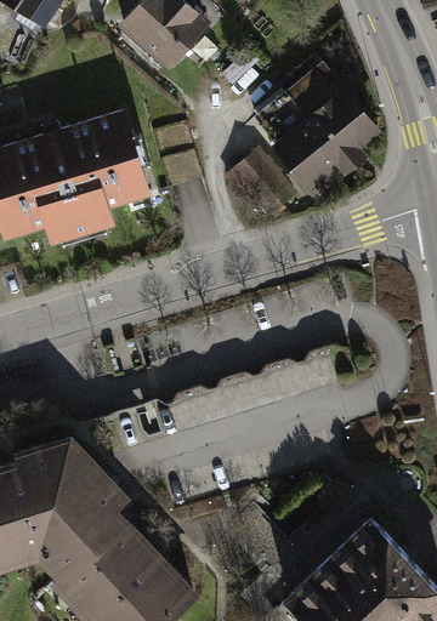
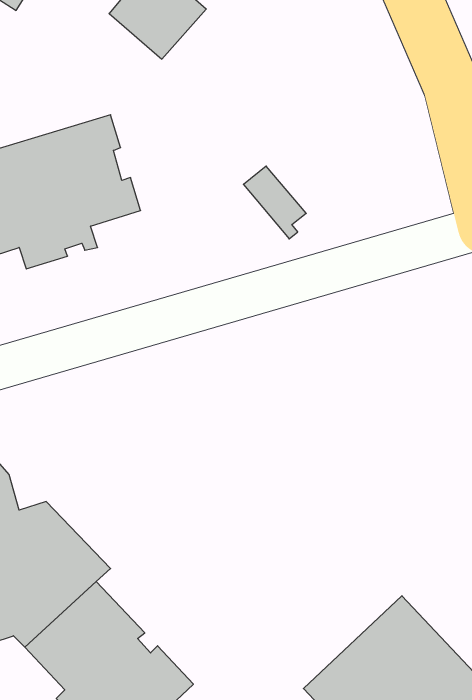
building: [257,67,376,194] -> none

